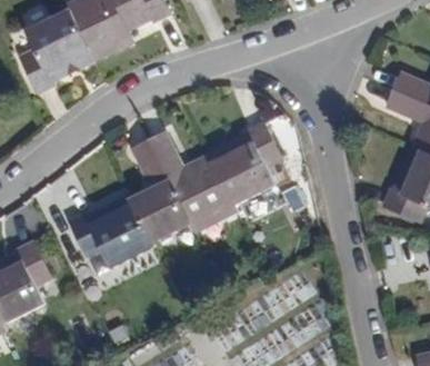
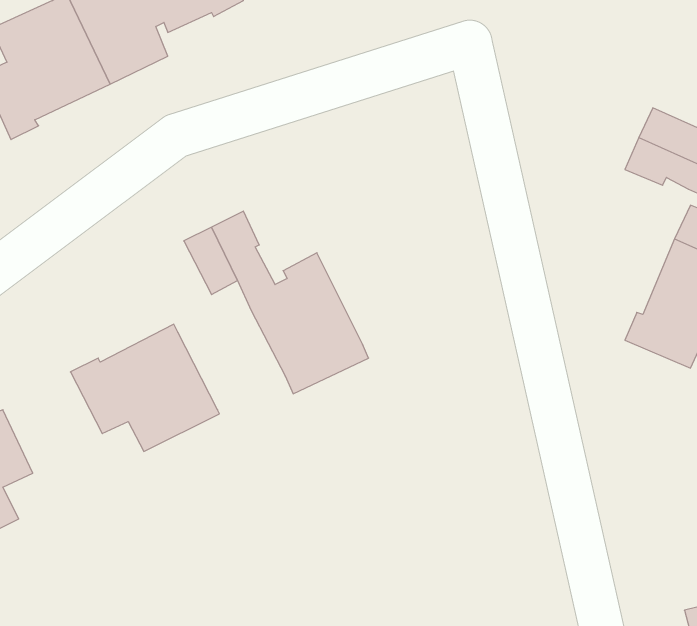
building: [211,123,286,205] -> none
building: [133,185,193,241] -> none

